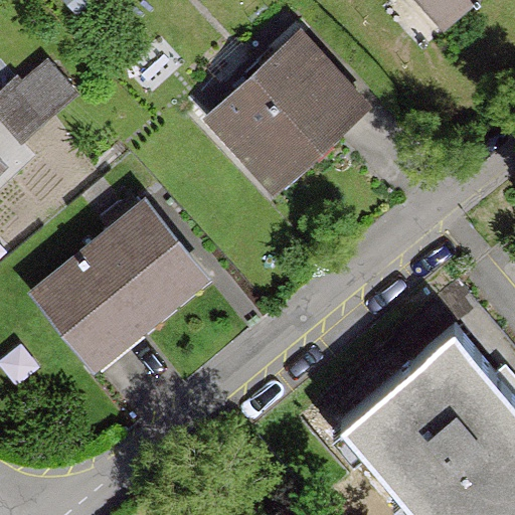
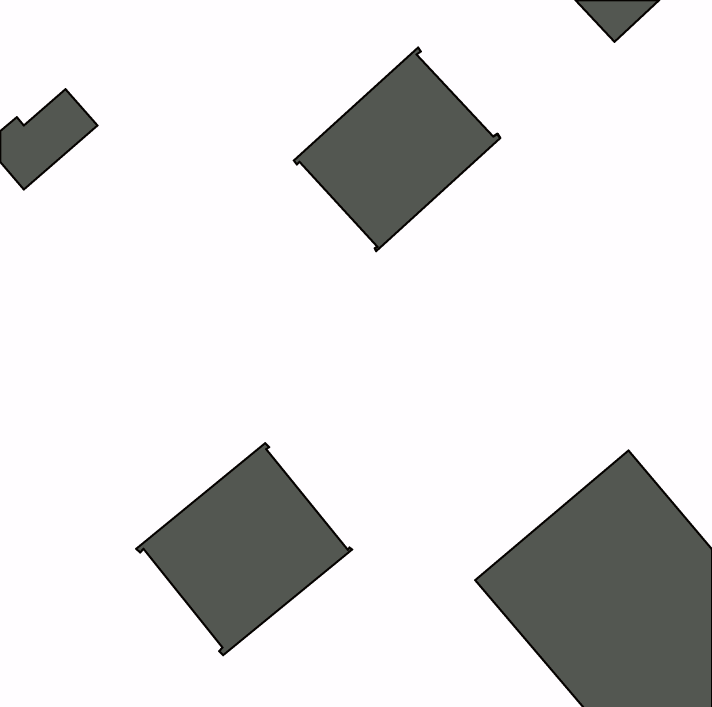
building: [35,205,203,359] -> none
building: none -> [136,443,352,655]

